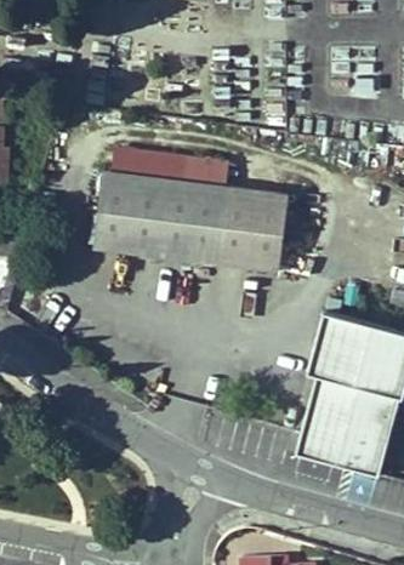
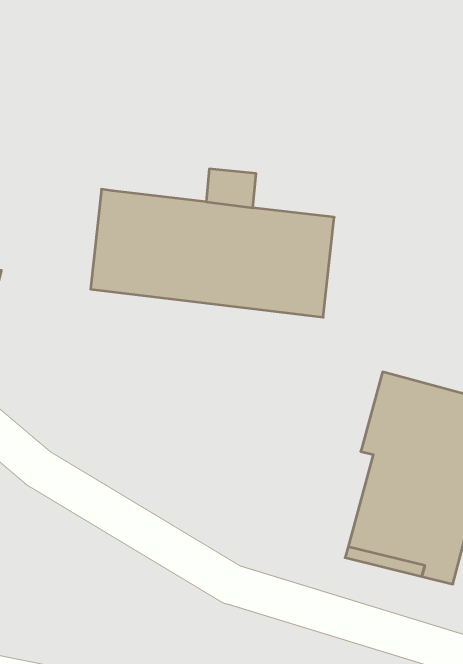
building: [114,148,189,182] -> none

